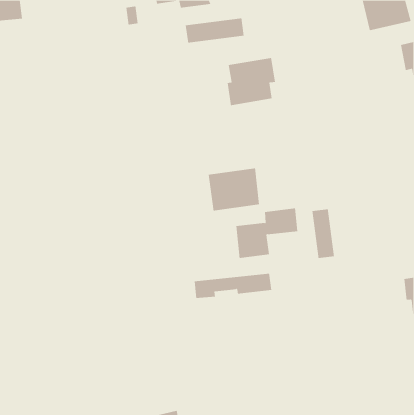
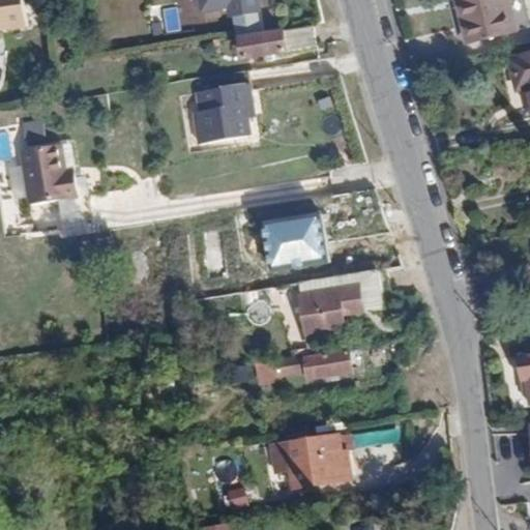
building: [227,58,276,106] -> [193,86,255,147]
building: none -> [18,142,72,199]
building: [312,209,334,259] -> none
building: none -> [277,433,348,481]

